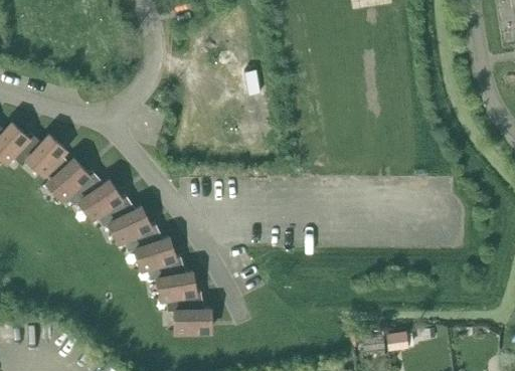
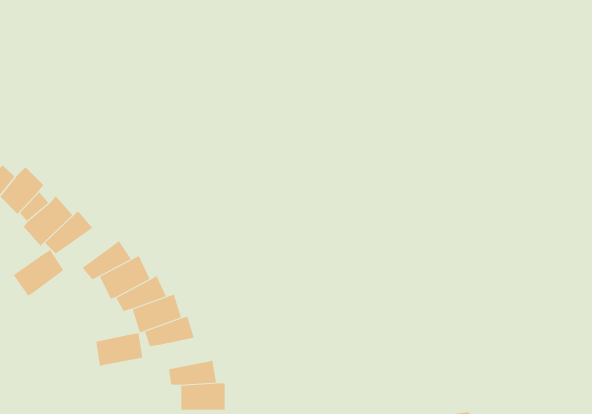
building: [79,180,121,218] -> [13,249,64,297]
building: [157,271,195,299] -> [96,333,143,367]

